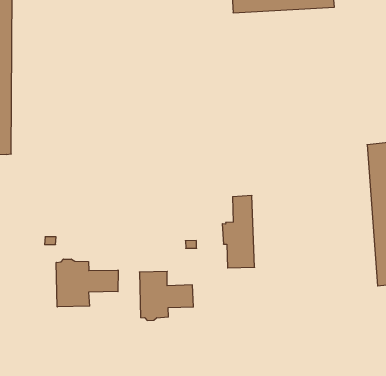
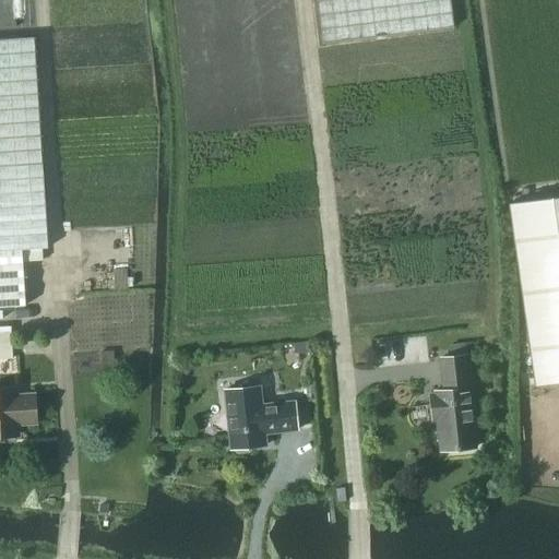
building: [222,196,255,268] -> [429,354,475,450]
building: [56,259,118,307] -> none

